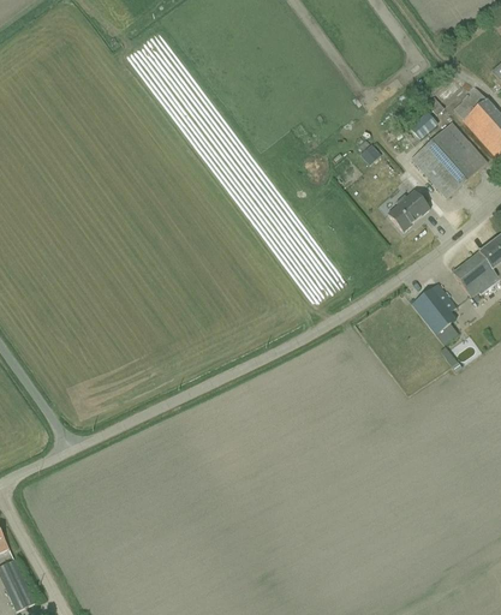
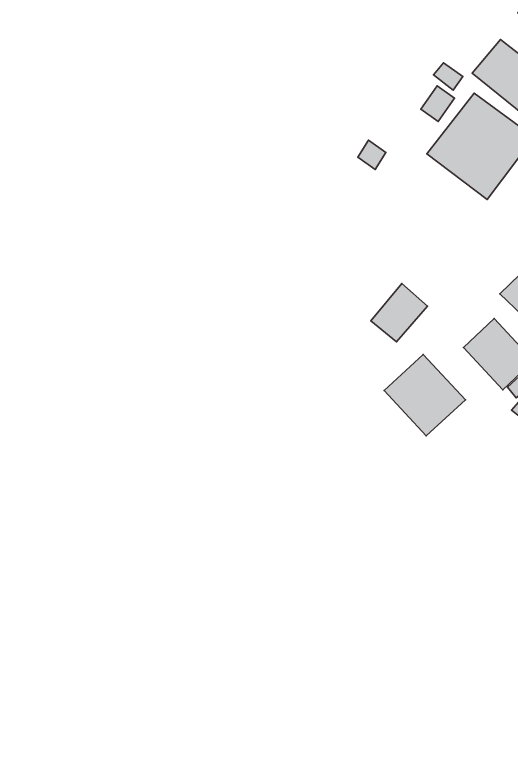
building: [383,189,425,229] -> [371,283,428,342]
building: none -> [384,355,465,436]

